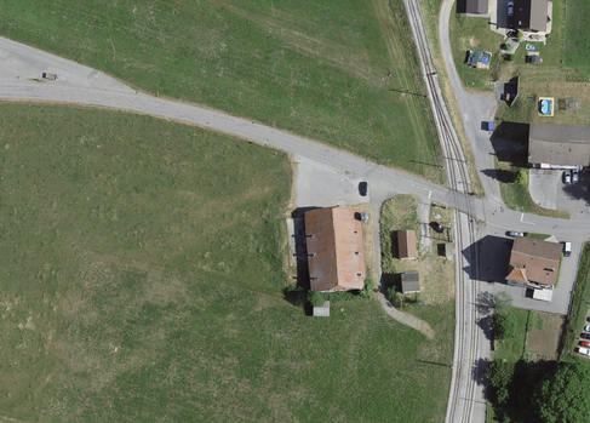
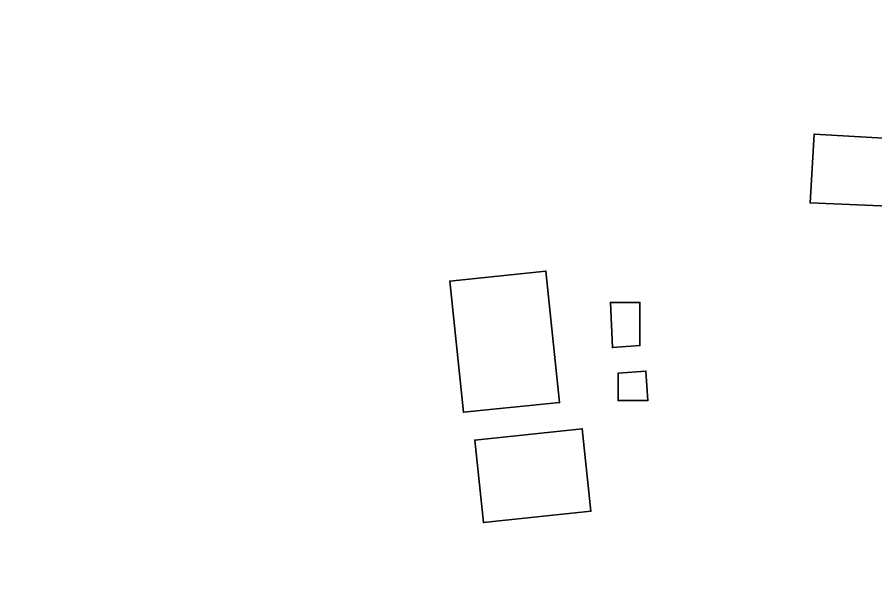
building: [504,236,562,285] -> none
building: none -> [475,429,591,522]

